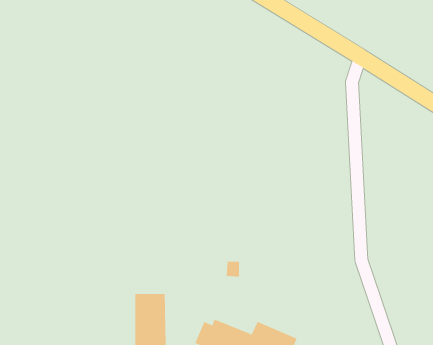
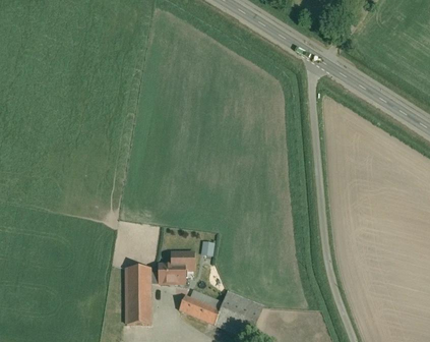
building: none -> [156,247,195,283]

